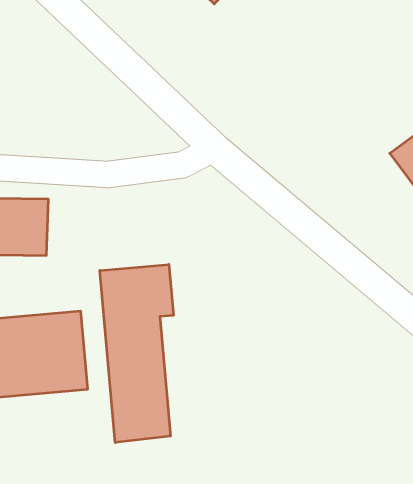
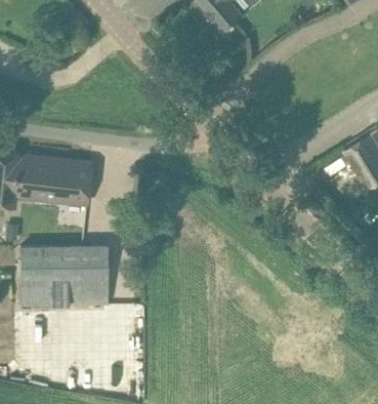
building: [100,264,173,443] -> none

